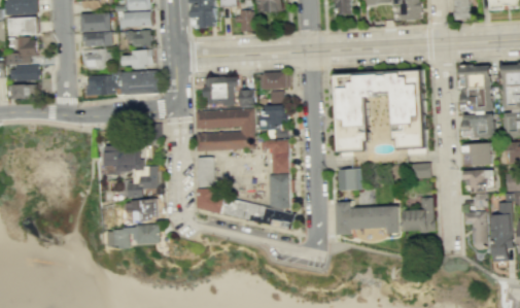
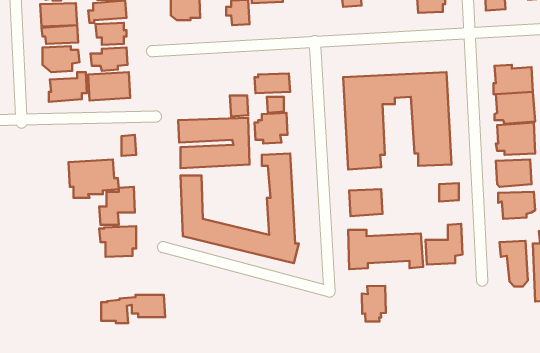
building: [204,75,238,104] -> none
building: [110,225,164,248] -> [101,295,165,323]
building: none -> [362,286,386,322]

